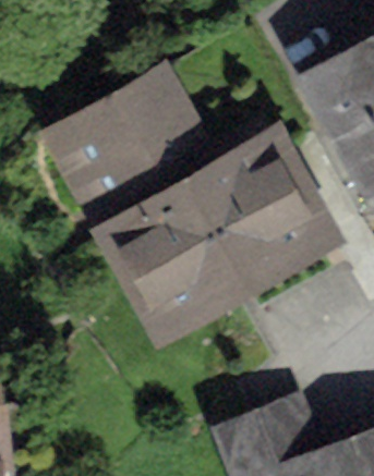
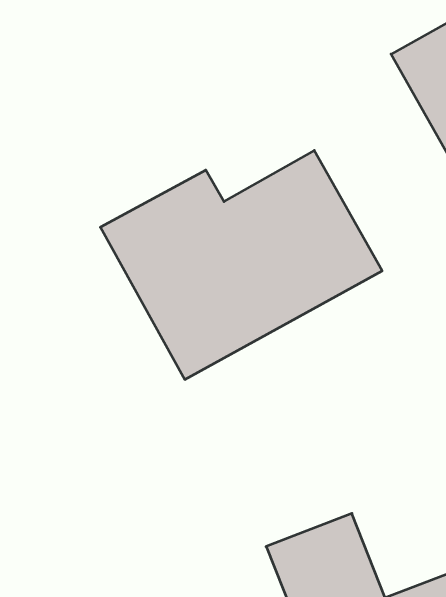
building: [56,81,195,206] -> none

